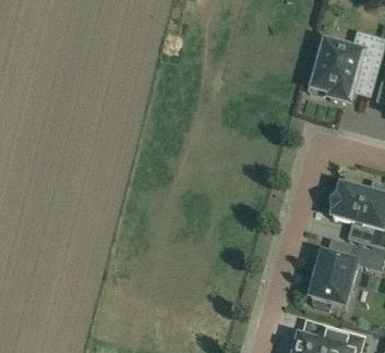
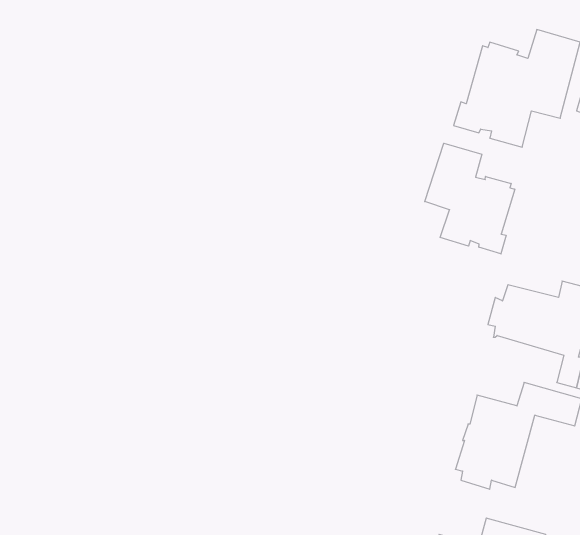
building: none -> [425,143,515,254]

